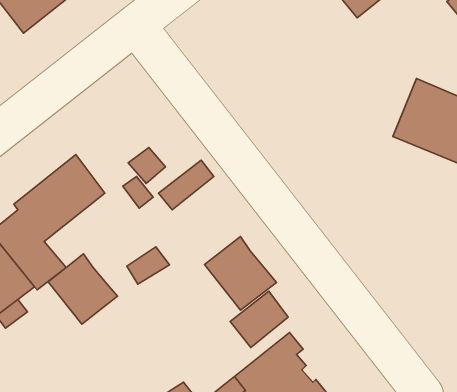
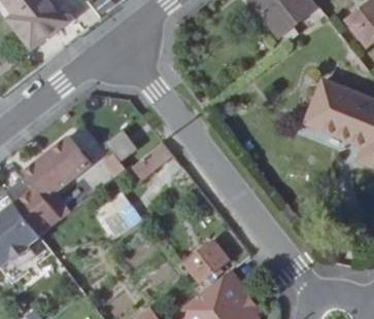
building: [205,237,277,310] -> none
building: [48,254,117,324] -> none

